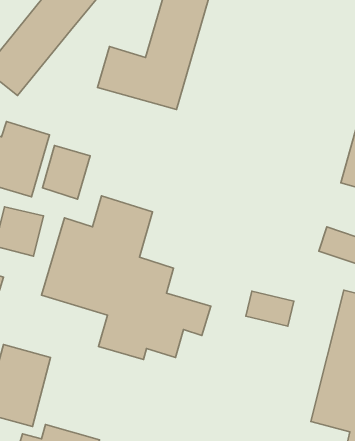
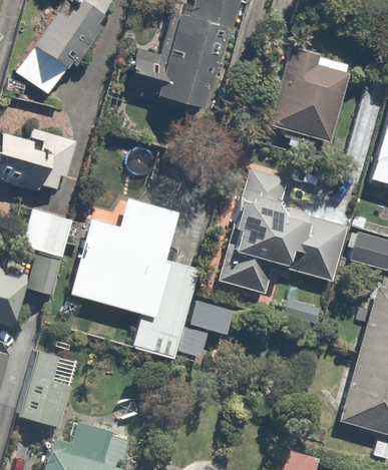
building: none -> [267,49,355,144]
building: [42,146,90,199] -> none
building: none -> [219,167,350,292]

